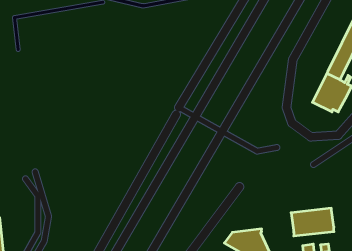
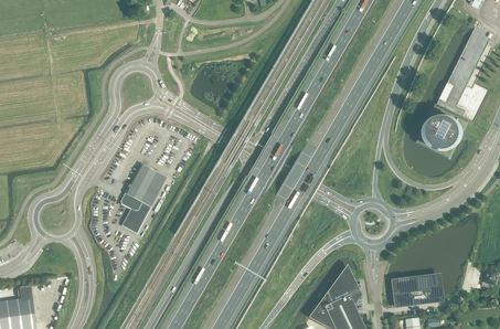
building: none -> [120,162,167,232]
building: none -> [319,264,361,303]

